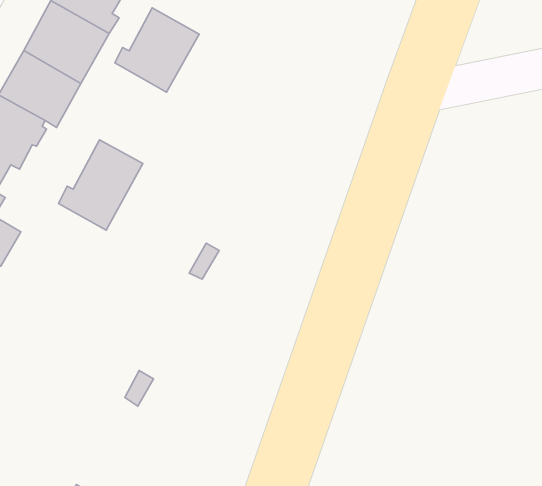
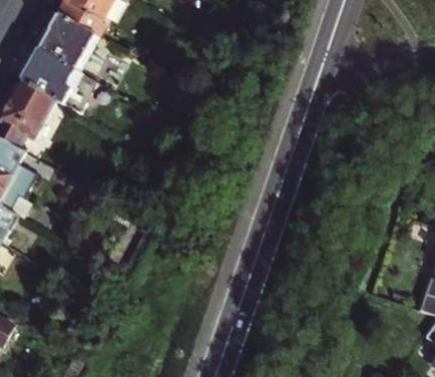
building: [115,8,199,92] -> none
building: [58,140,143,230] -> none

